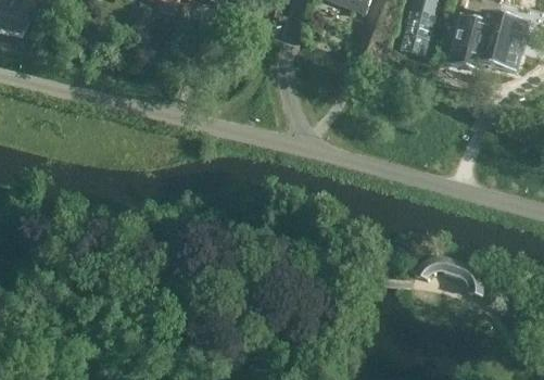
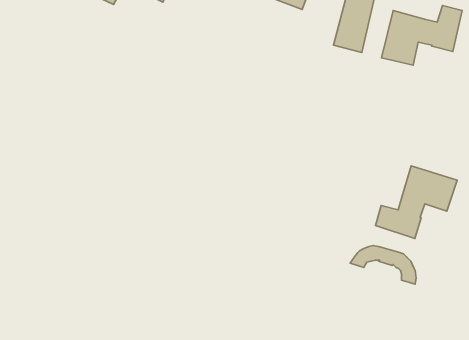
building: none -> [375,166,457,239]

